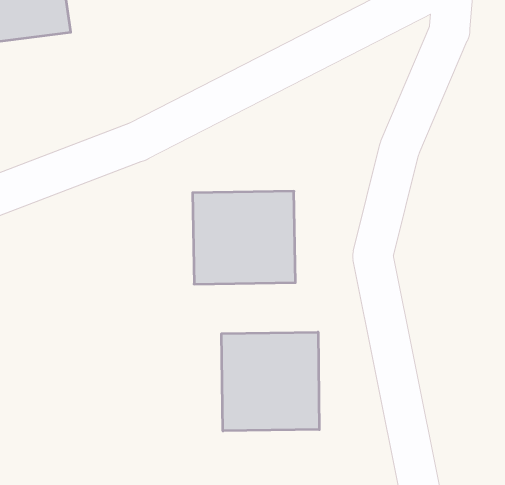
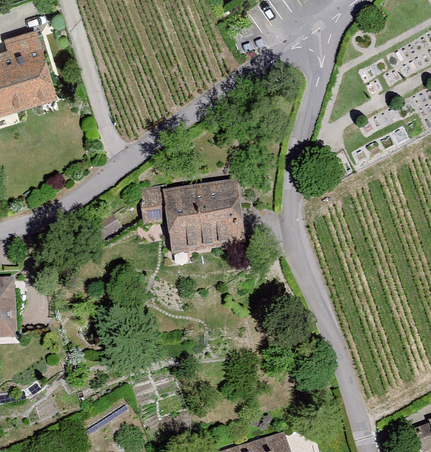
building: [222,332,319,431] -> none

